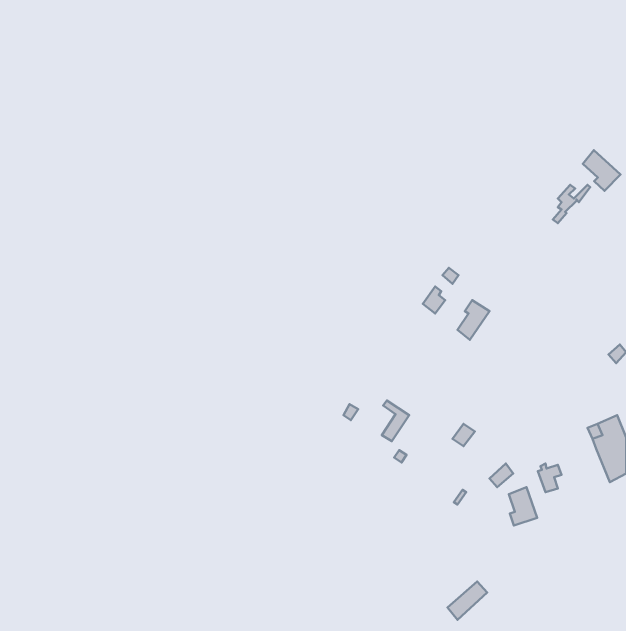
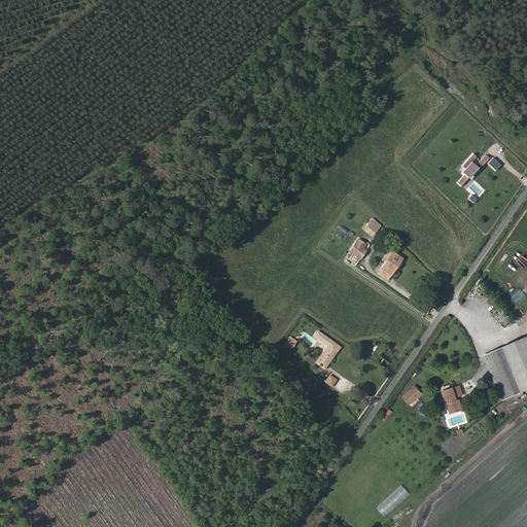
building: [583,150,621,191] -> none
building: [509,487,537,526] -> none

